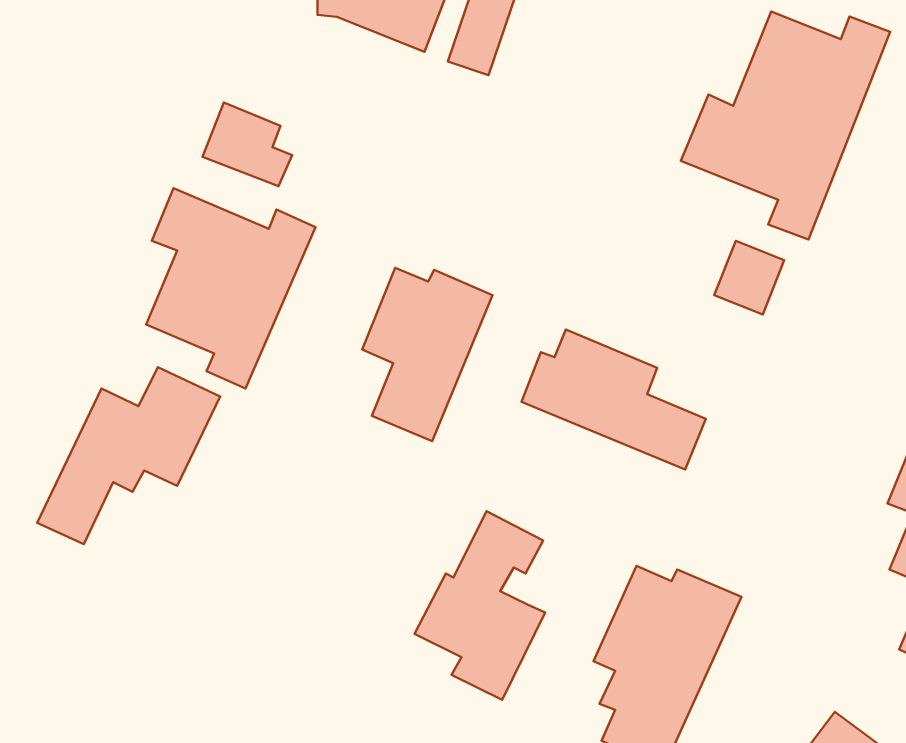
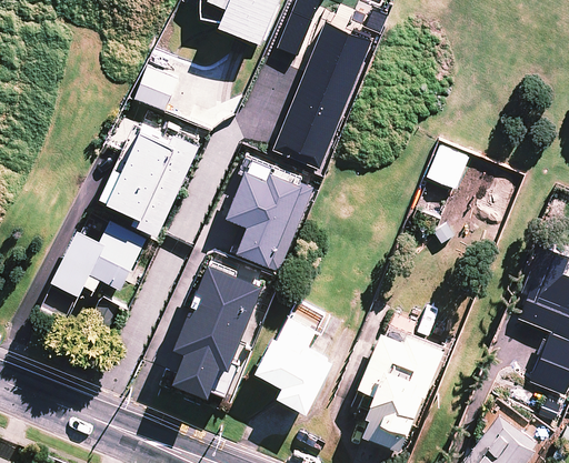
building: none -> [273,21,371,170]
building: [681,12,890,239] -> none
building: [522,330,706,469] -> none
building: none -> [172,259,262,391]

